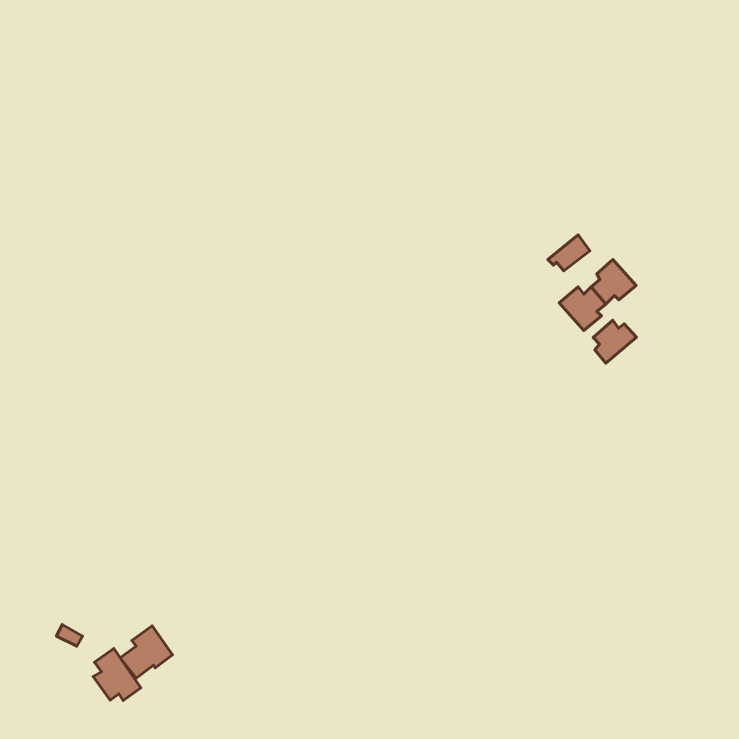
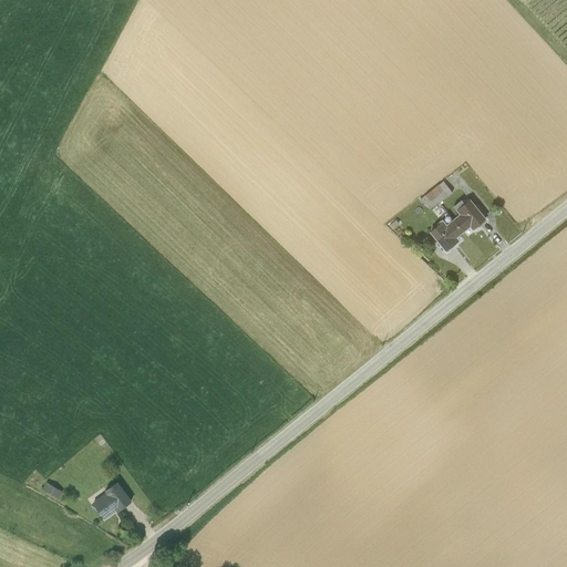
building: [593,320,637,363] -> none
building: [93,648,141,701] -> none

